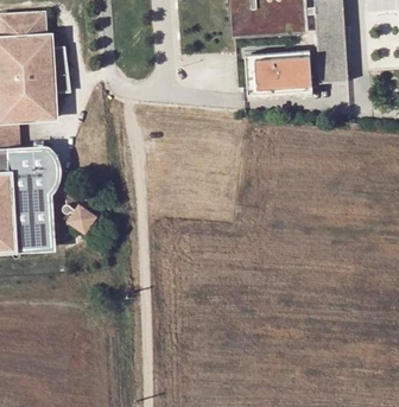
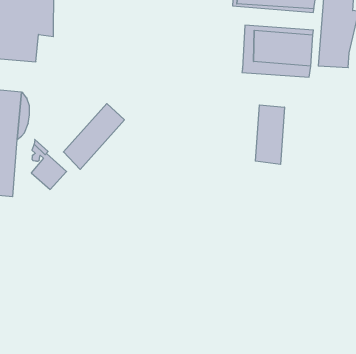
building: none -> [255,105,284,164]
building: none -> [63,104,124,169]

